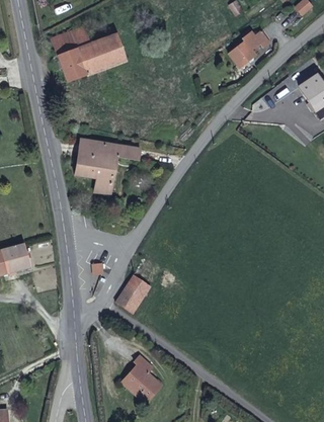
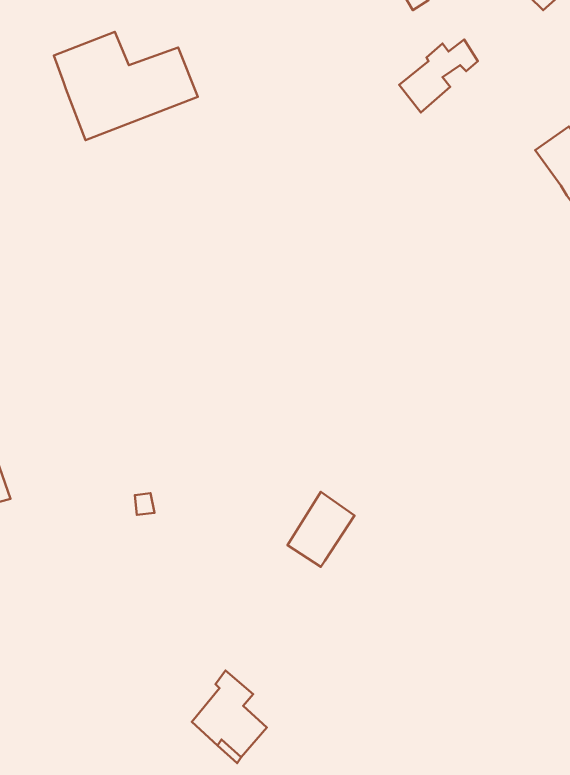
building: [75,140,140,192] -> none
building: [115,274,150,313] -> [287,492,354,567]

